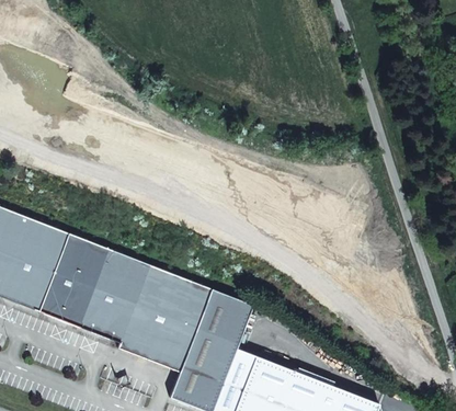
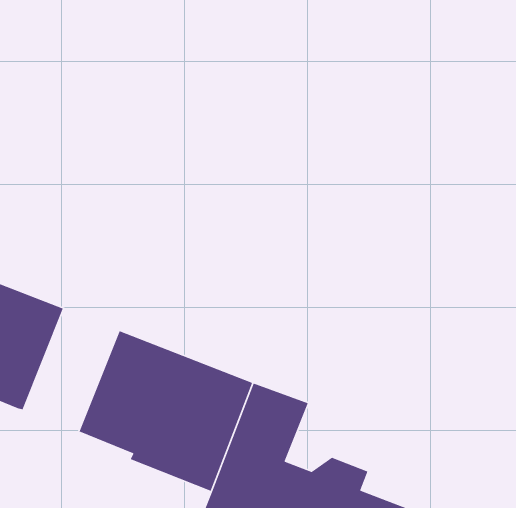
building: [38,233,111,327] -> none

